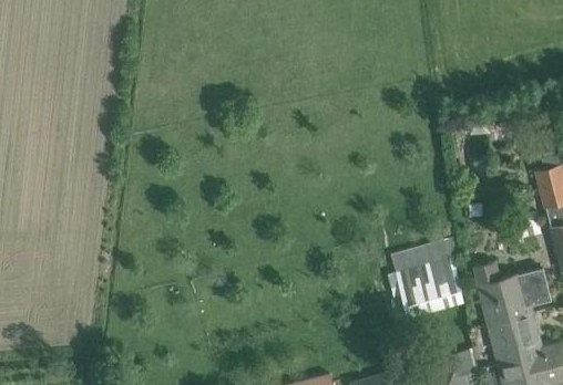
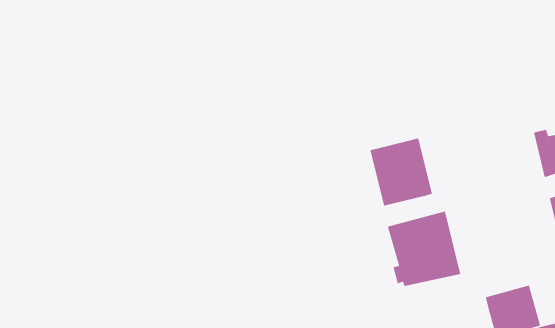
building: none -> [369,137,433,207]
building: [472,262,552,325] -> none

